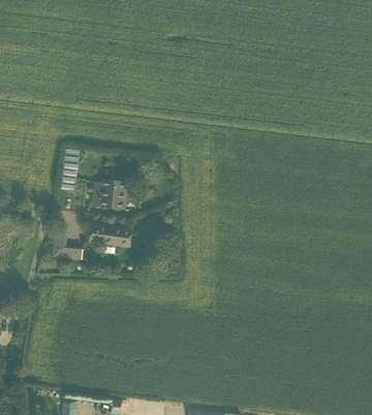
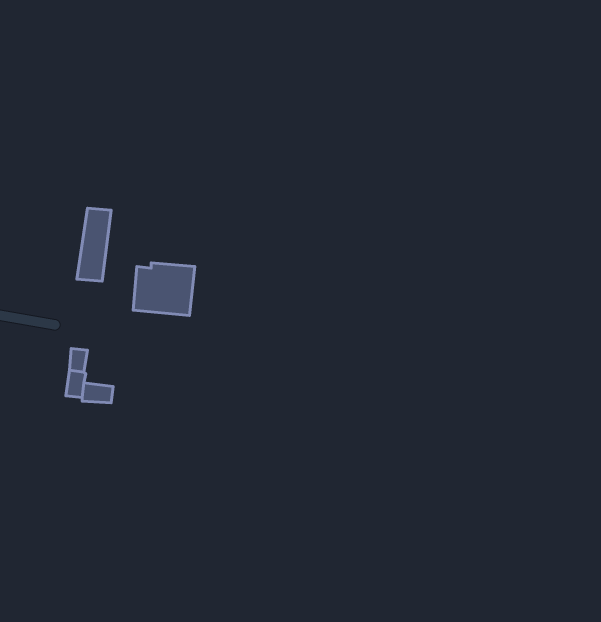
building: [88,225,130,247] -> none

